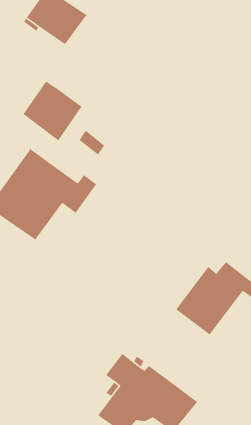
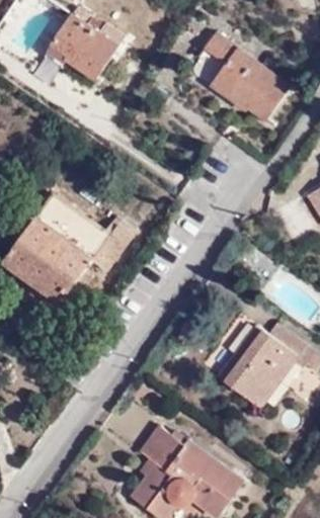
building: none -> [203,33,289,122]
building: [23,81,82,141] -> none

